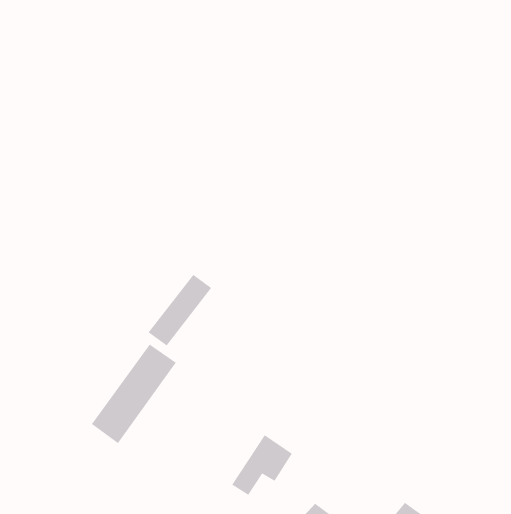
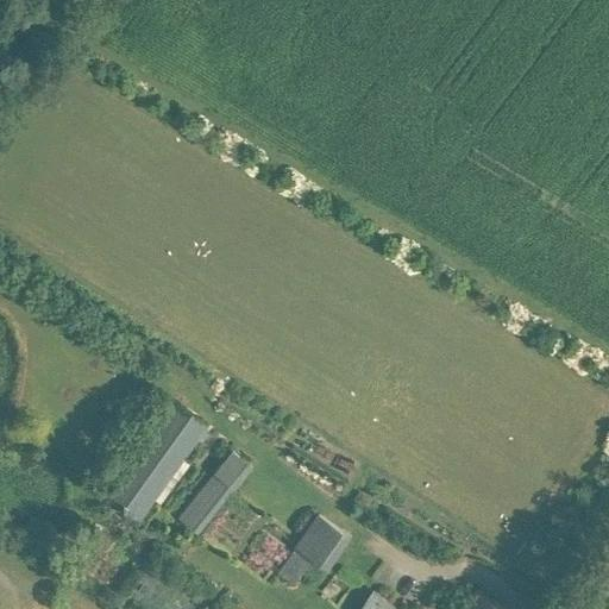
building: [148,274,212,346] -> [171,450,247,535]

